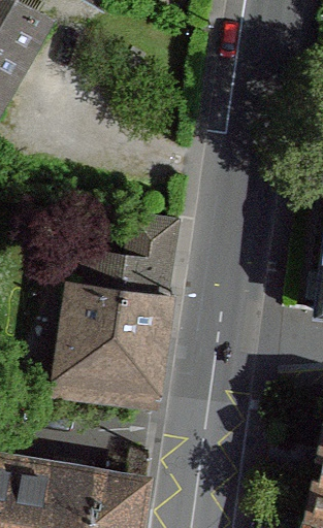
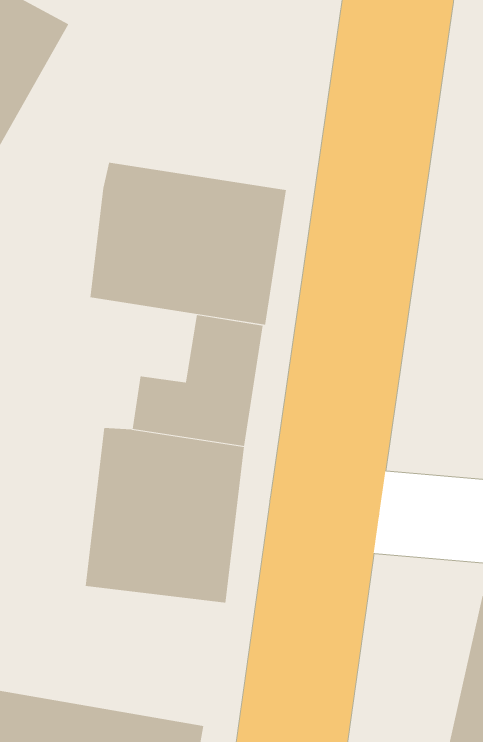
building: none -> [90,162,286,325]

